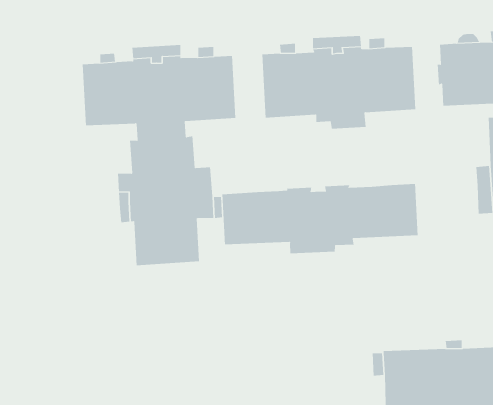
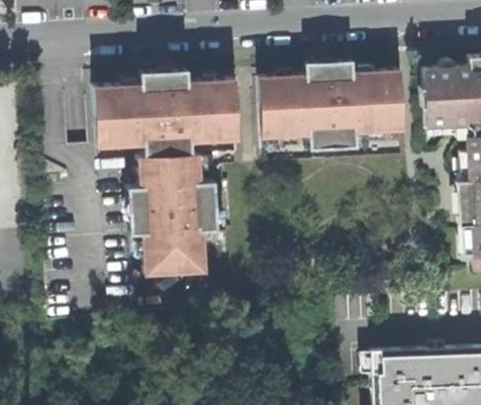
building: [222,183,418,254] -> none

